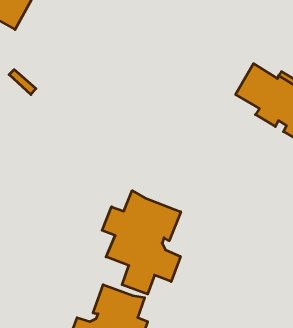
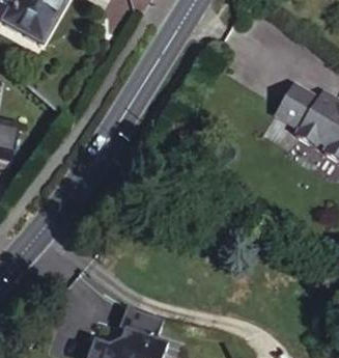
building: [102,191,181,294] -> none

